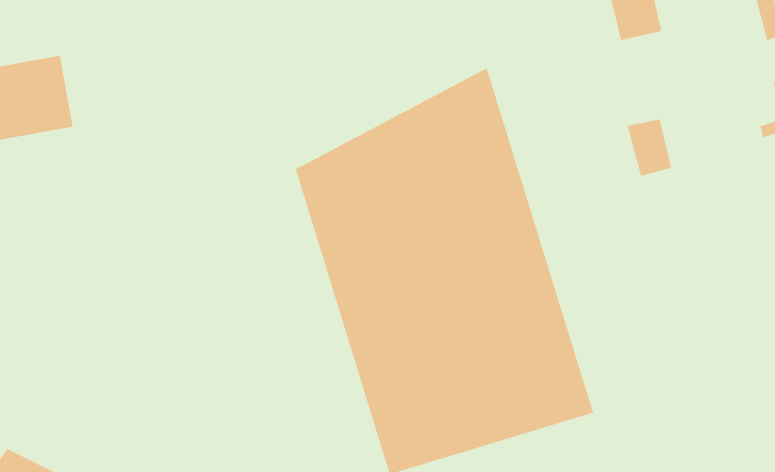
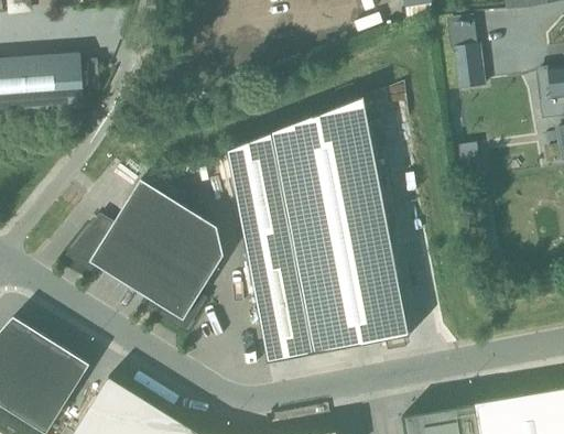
building: none -> [67,180,224,329]

